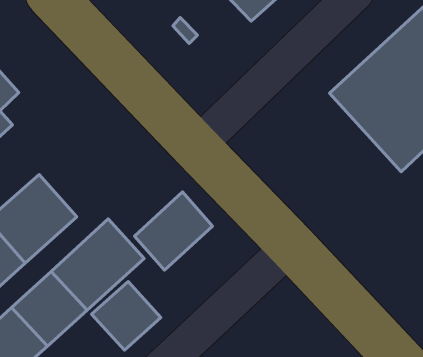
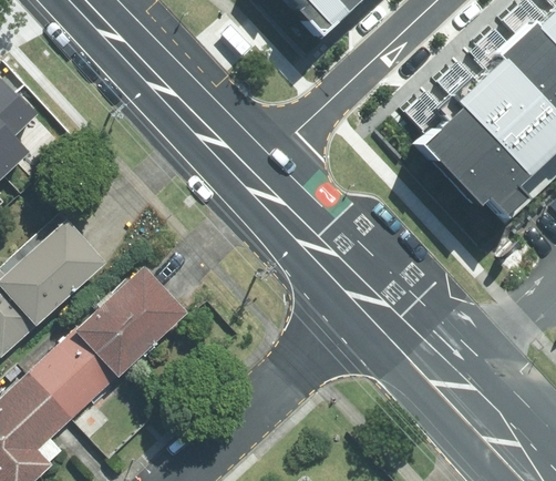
building: [134,192,213,270] -> none
building: [92,282,161,350] -> none

